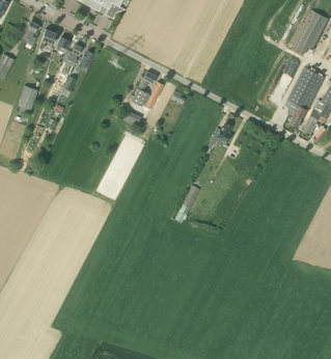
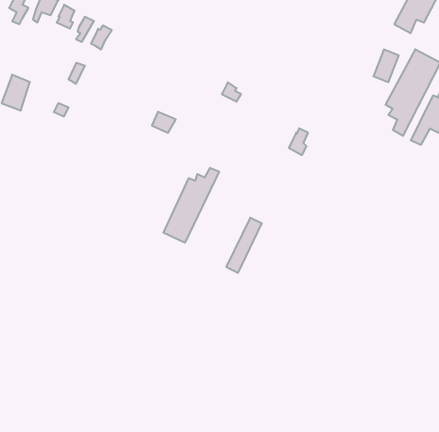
building: [132,71,163,109] -> none
building: none -> [164,168,219,243]

